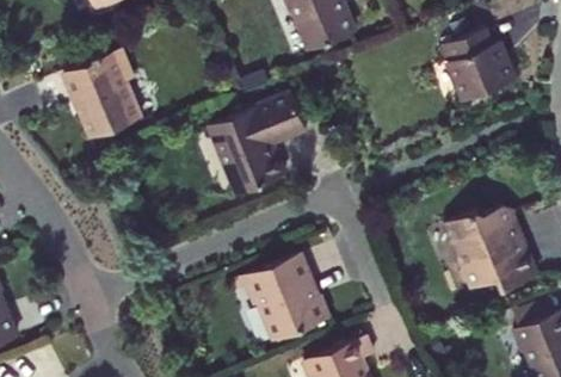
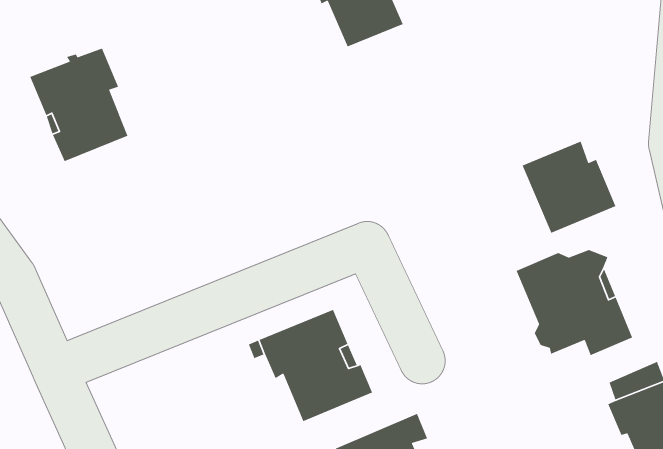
building: [443,27,517,100] -> [522,141,616,234]
building: [208,92,307,194] -> none

